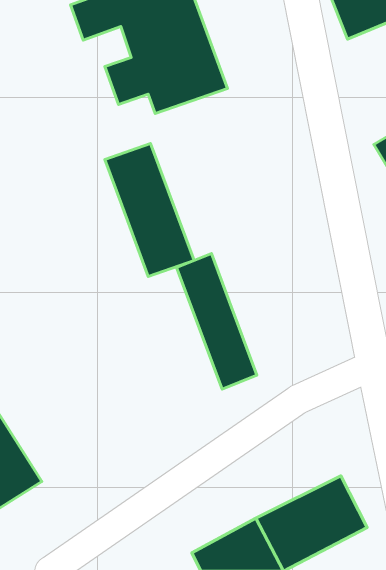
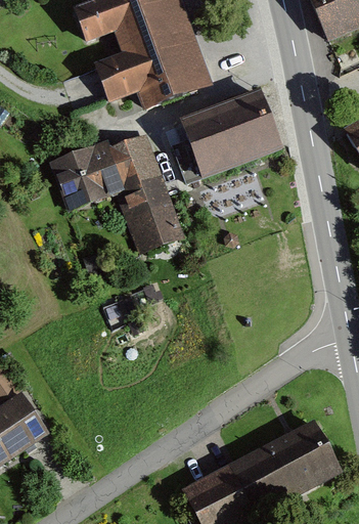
building: none -> [166,88,285,186]
building: none -> [51,136,118,204]
building: [177,253,257,389] -> none

